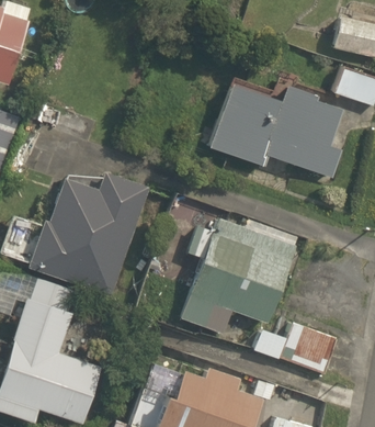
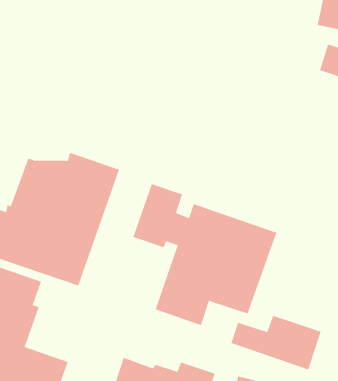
building: [212,85,344,178] -> none

